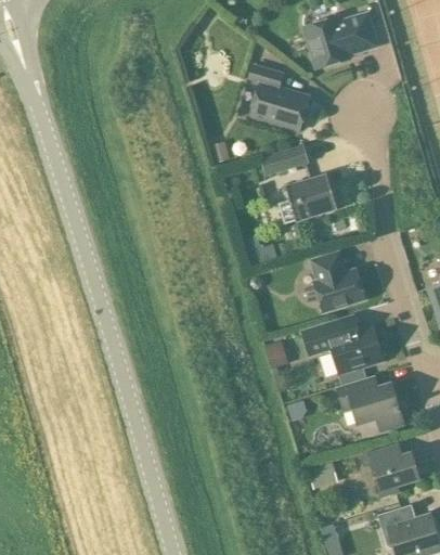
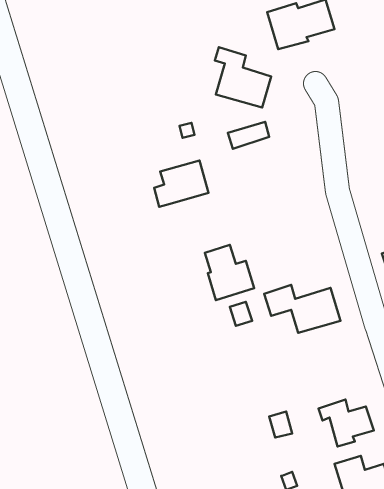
building: [280,173,338,223] -> [154,161,208,207]
building: [312,251,365,311] -> [205,245,254,300]
building: [338,377,403,429] -> none

